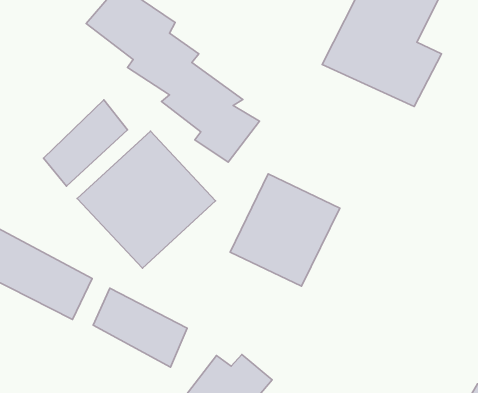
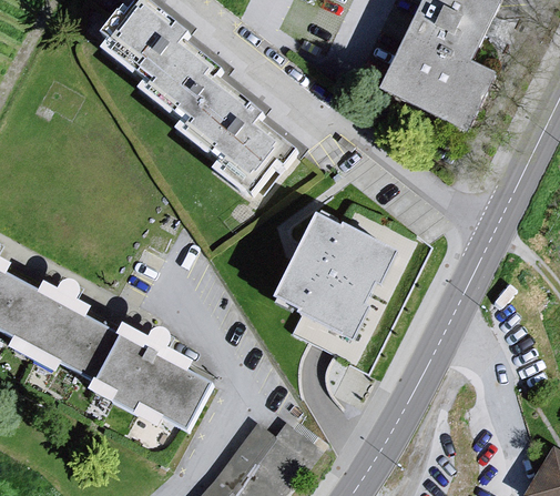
building: [43,100,127,186] -> none
building: [77,131,216,268] -> none

